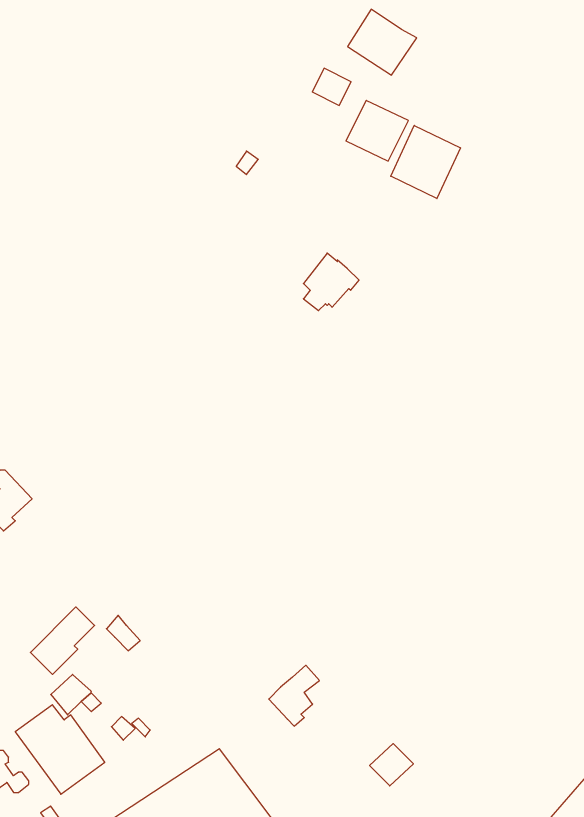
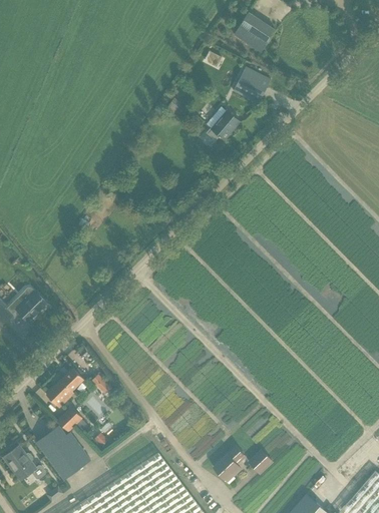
building: [391,125,460,199] -> none
building: [303,253,359,311] -> [207,107,240,141]
building: [269,665,319,726] -> [214,448,244,484]

